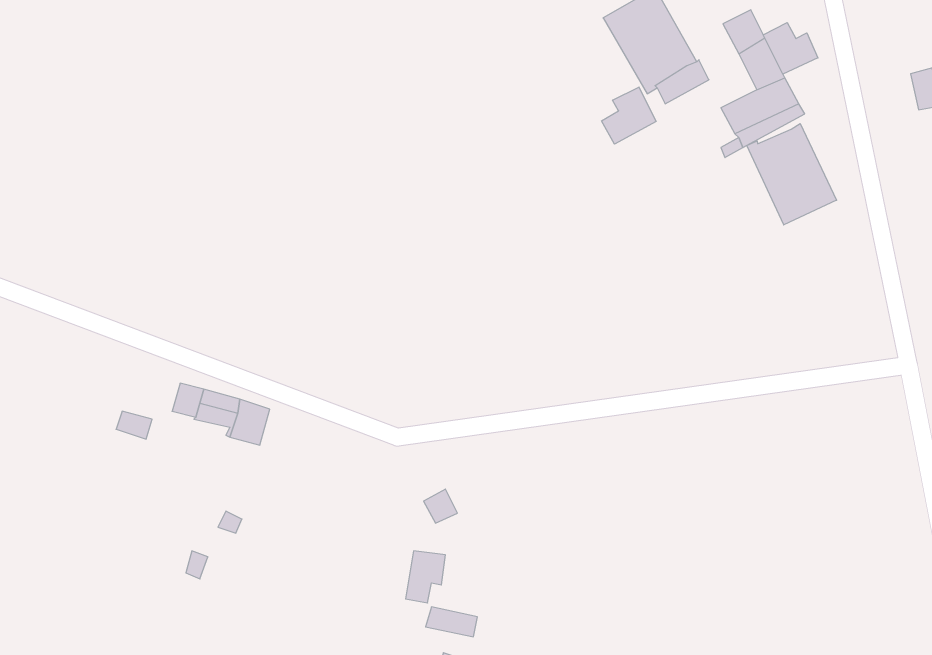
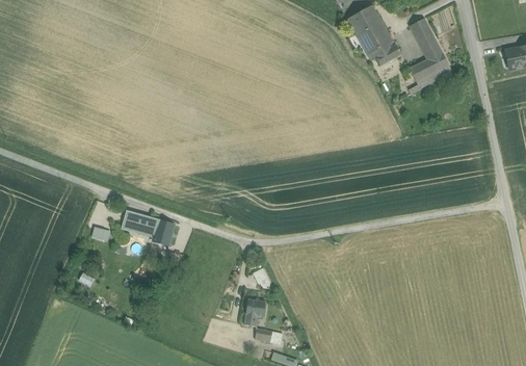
building: [763,23,818,74] -> none
building: [602,87,656,144] -> none
building: [747,124,837,225] -> none

